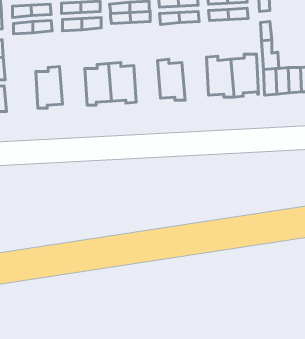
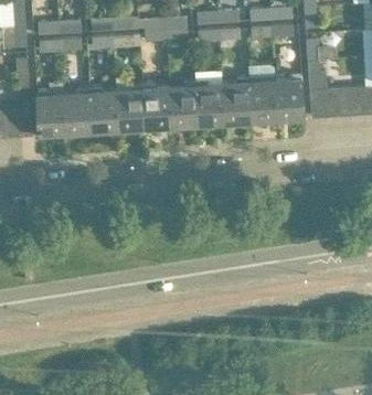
building: none -> [222,75,251,121]
building: none -> [170,78,199,124]
building: none -> [89,84,119,128]
building: none -> [36,88,66,131]

